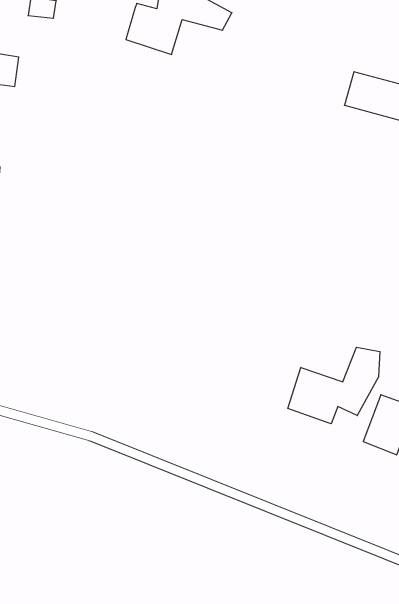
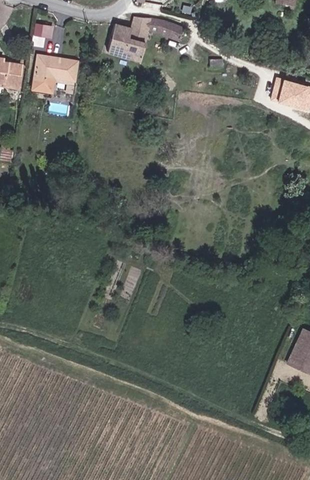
building: none -> [36,56,78,93]
building: [288,347,380,424] -> none

